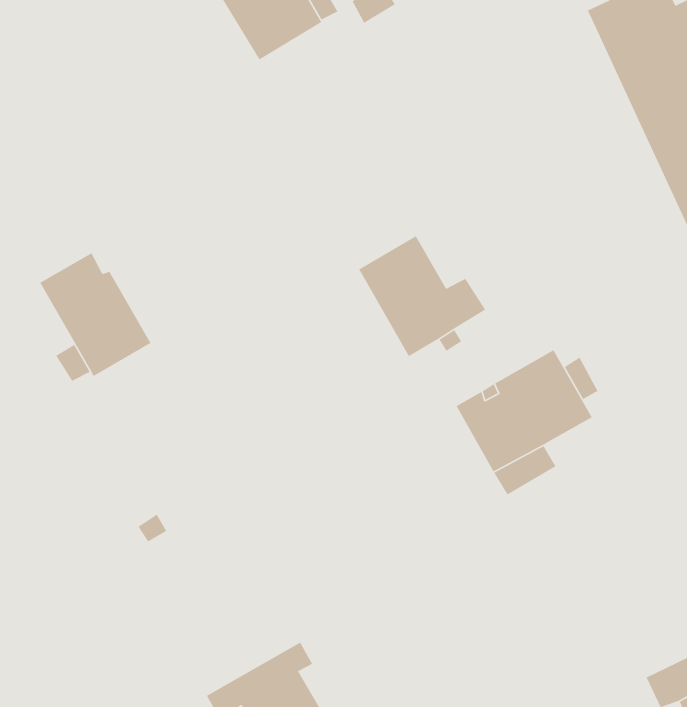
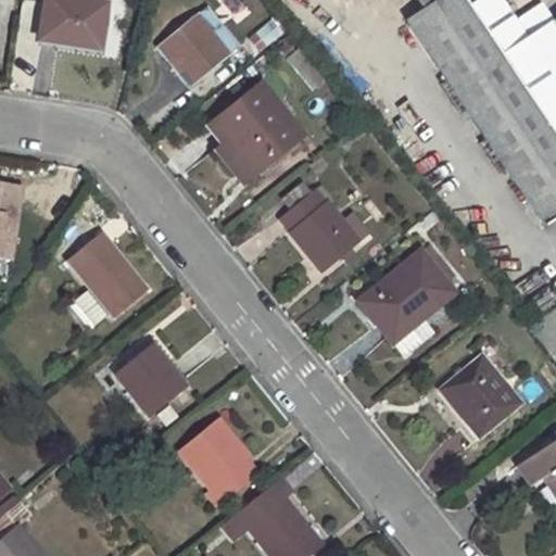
building: none -> [214,84,301,182]
building: none -> [115,344,182,413]
building: none -> [440,354,520,435]
building: none -> [179,417,256,505]

